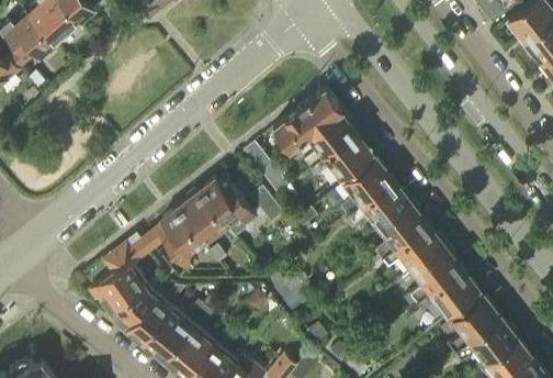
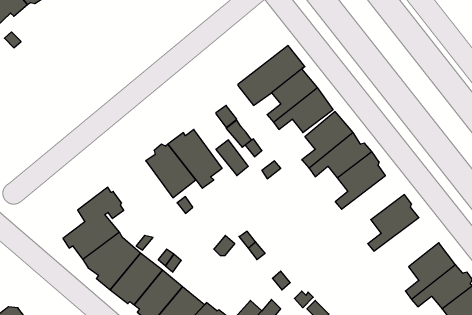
building: [142,208,204,269] -> none
building: [381,223,447,269] -> none
building: [415,267,479,314] -> none

